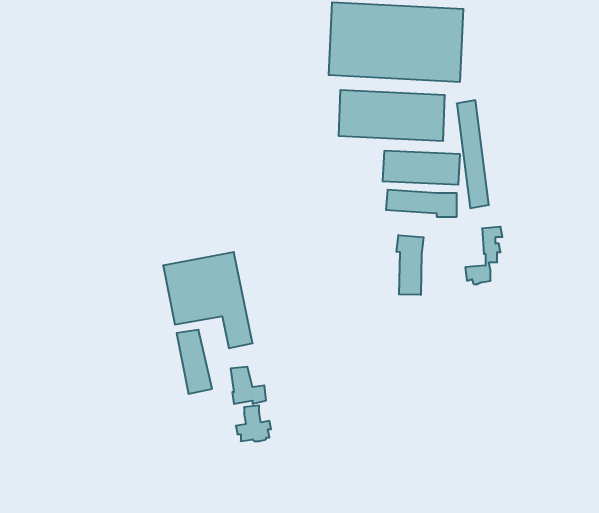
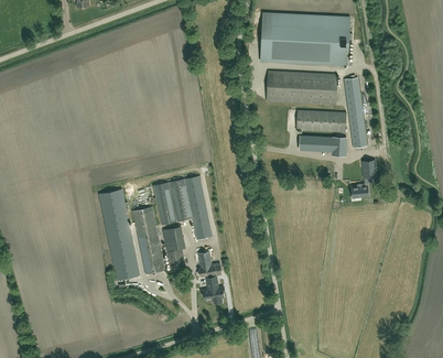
building: [397,235,424,295] -> none
building: none -> [98,188,139,280]
building: none -> [131,206,164,274]

